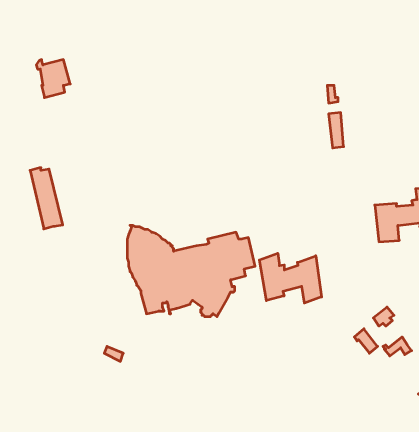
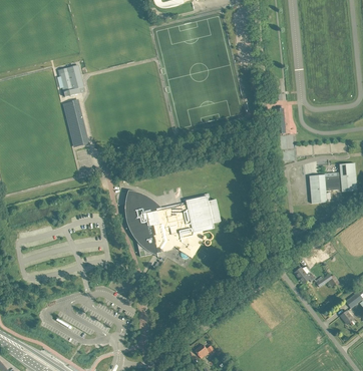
building: [30,168,63,229] -> [64,101,88,146]
building: [259,253,322,303] -> none

